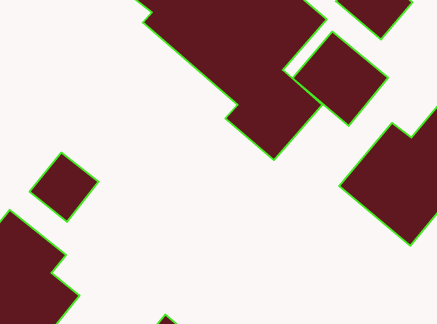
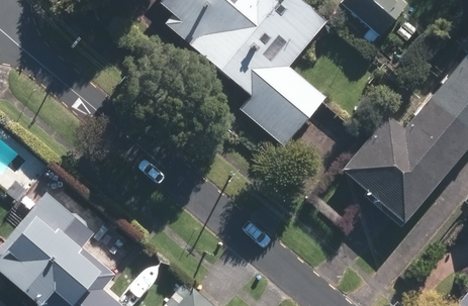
building: [292,32,388,126] -> none
building: [30,153,99,222] -> none

